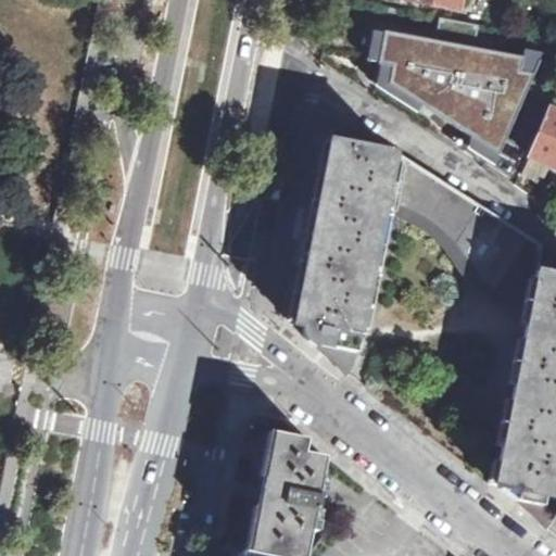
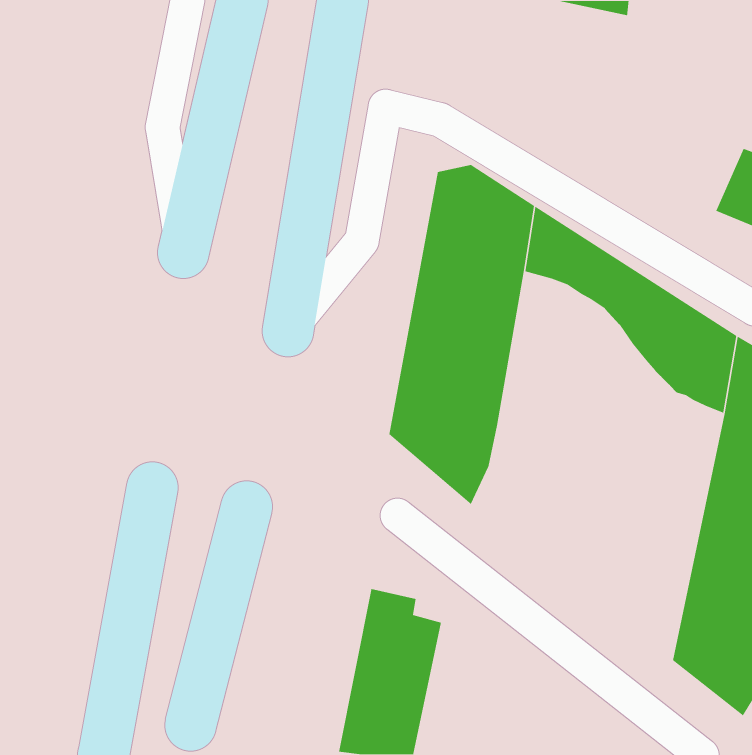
building: [380,20,546,154] -> none

